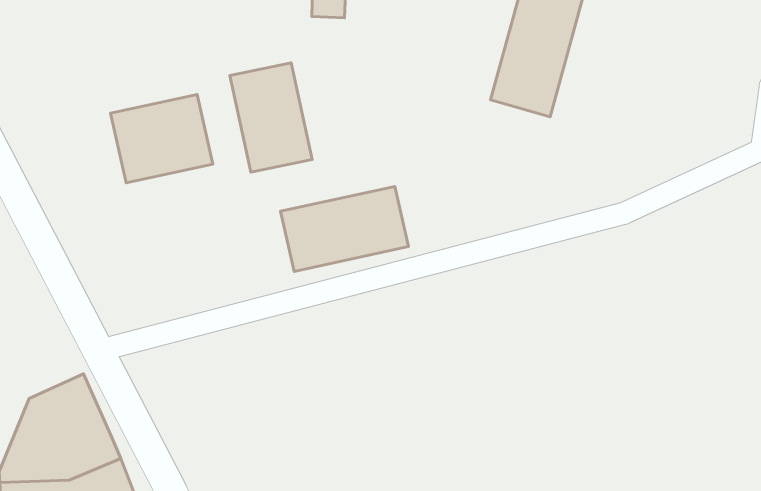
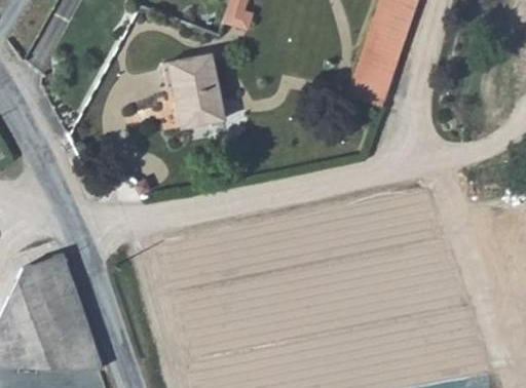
building: [111,94,213,183] -> none
building: [280,186,408,271] -> none

